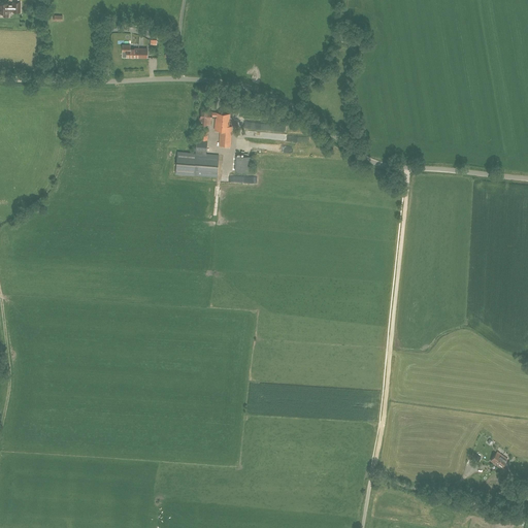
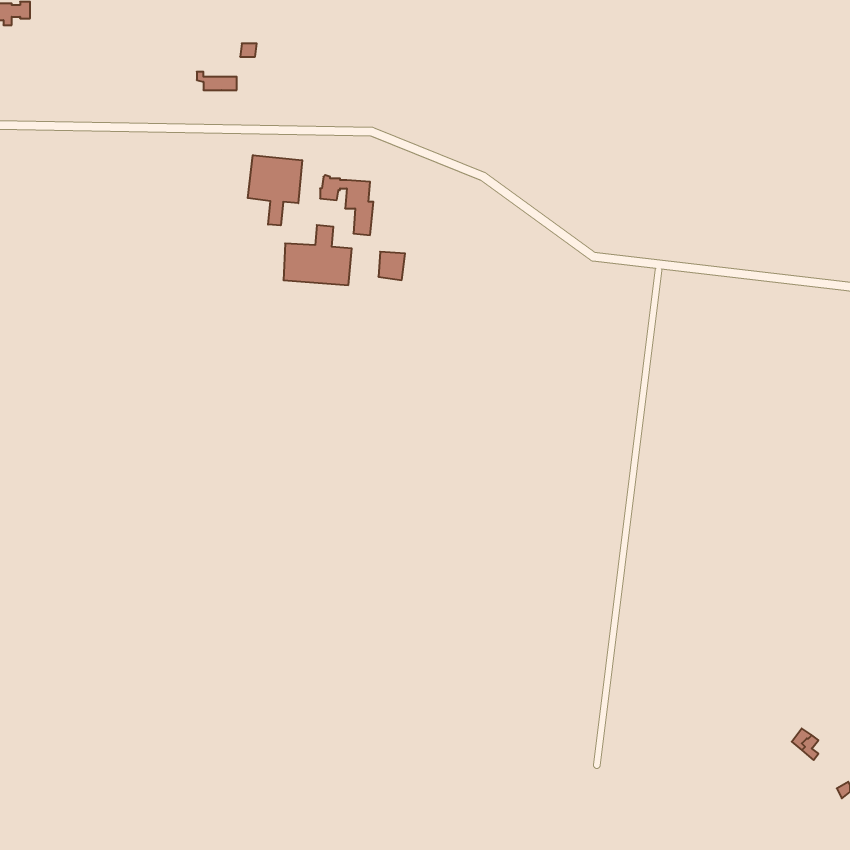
building: none -> [248,155,302,225]

